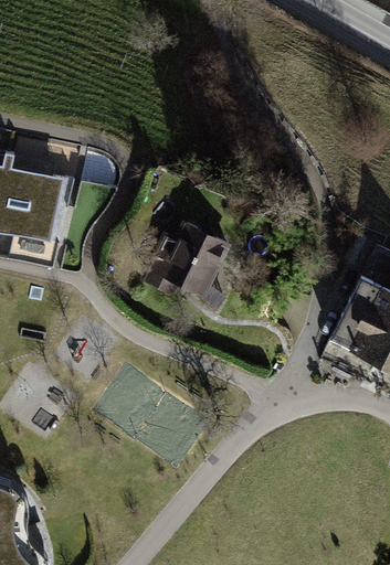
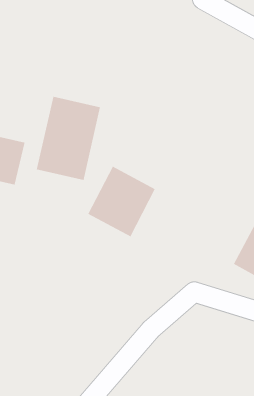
building: none -> [36,96,101,181]

